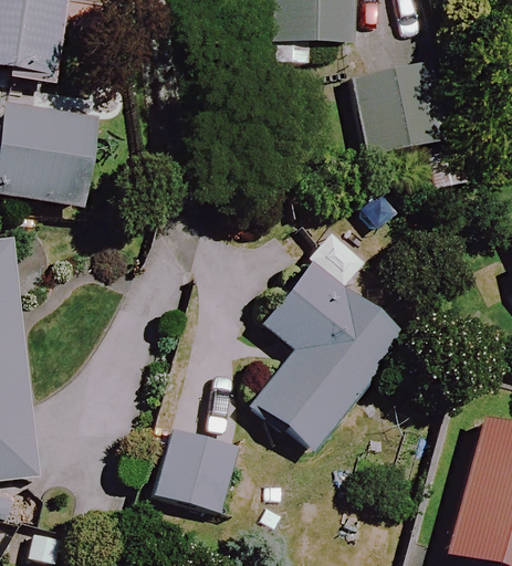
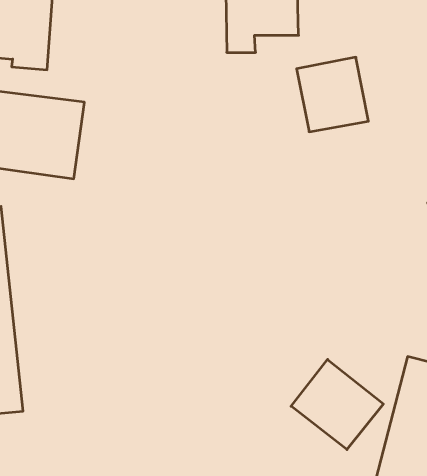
building: [251,262,403,450] -> none
building: none -> [291,359,383,450]
building: [154,431,232,511] -> none

